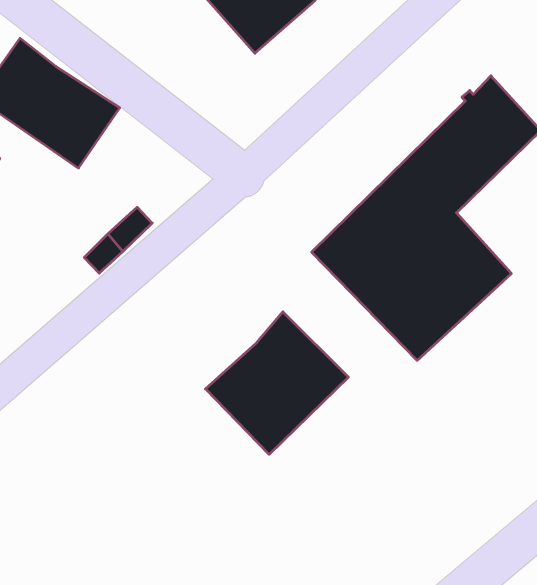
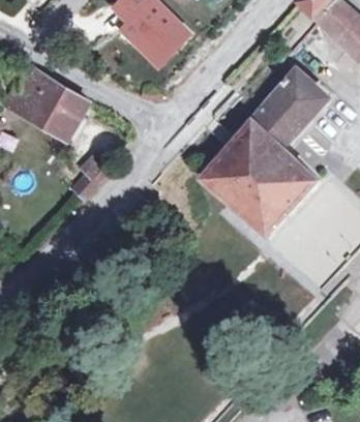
building: [205,312,348,454] -> none

